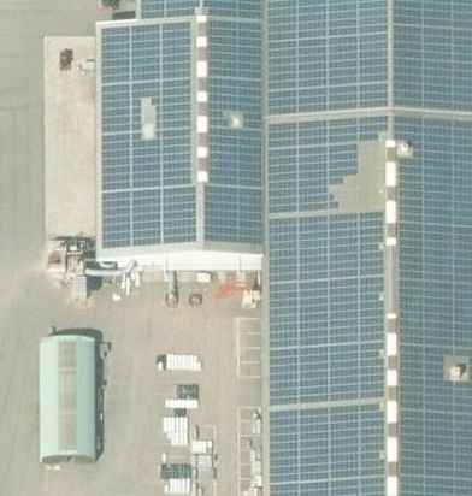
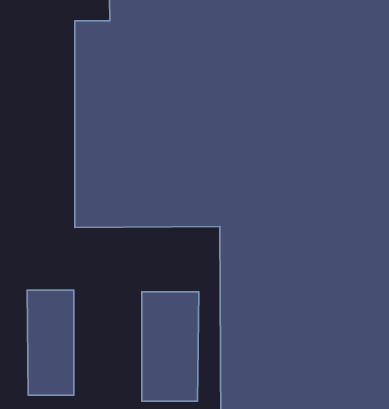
building: none -> [142,292,199,401]

